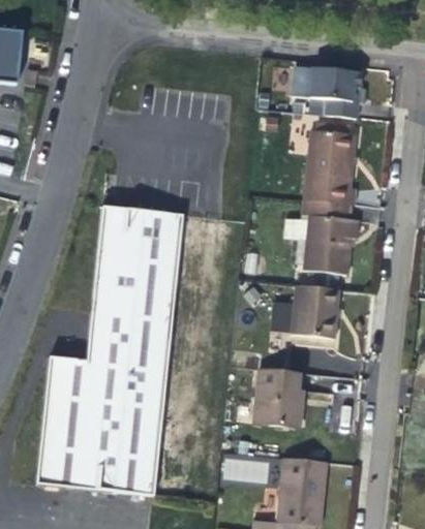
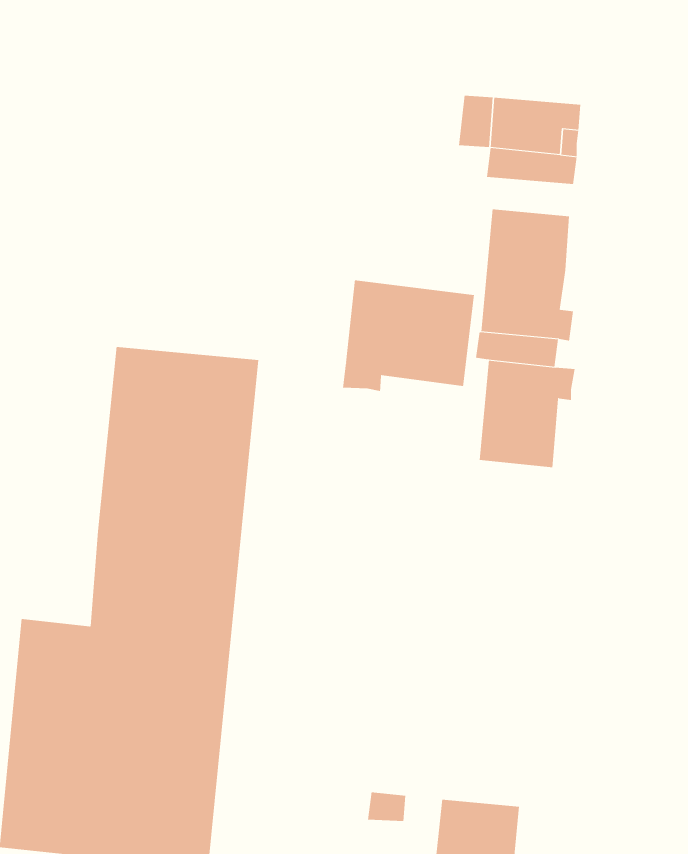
building: none -> [342,280,474,392]
building: [291,285,340,341] -> none
building: [255,368,302,427] -> none

